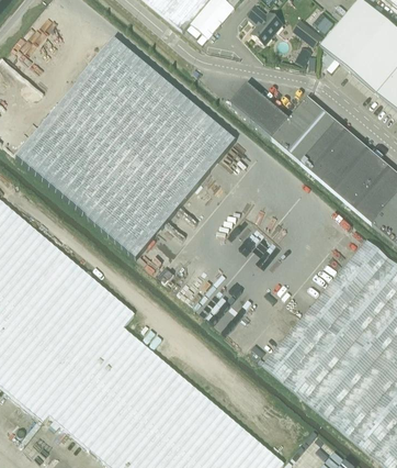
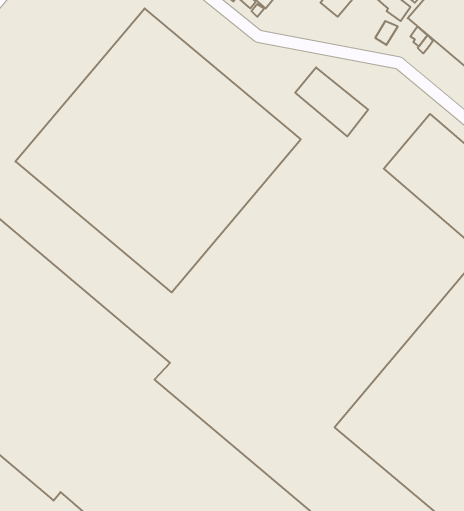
building: [272,93,337,161] -> none

